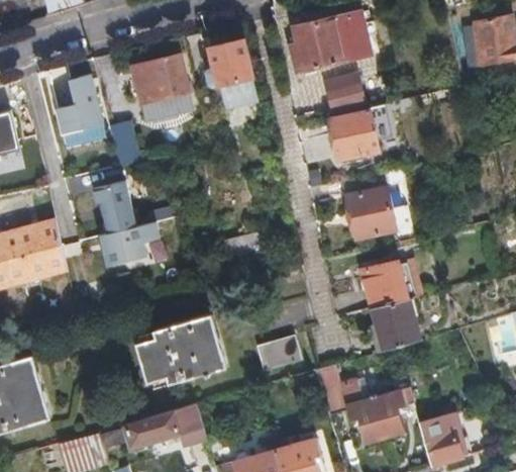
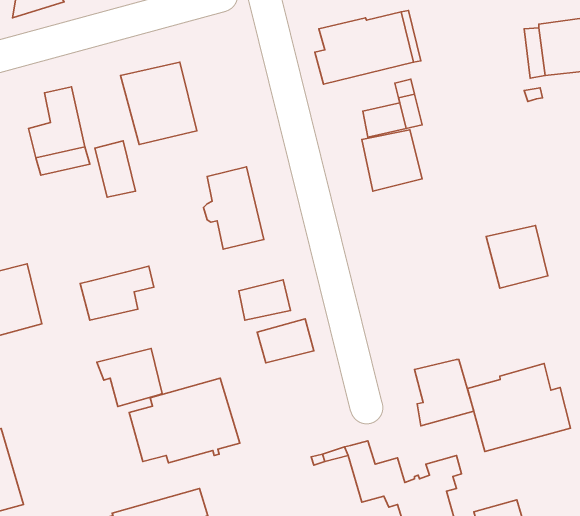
building: [211,37,261,105] -> [203,167,264,249]
building: [91,181,134,233] -> none
building: [345,187,396,239] -> [486,225,548,288]
building: [363,261,406,306] -> none
building: none -> [97,348,162,407]
building: none -> [467,363,571,452]
building: [256,335,303,371] -> [257,319,314,363]

